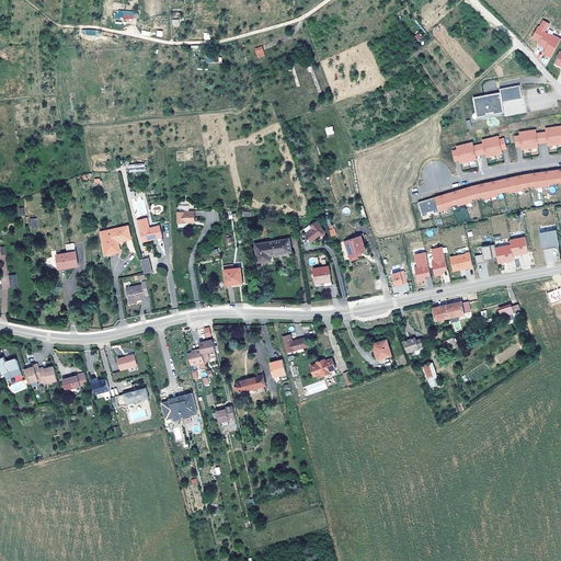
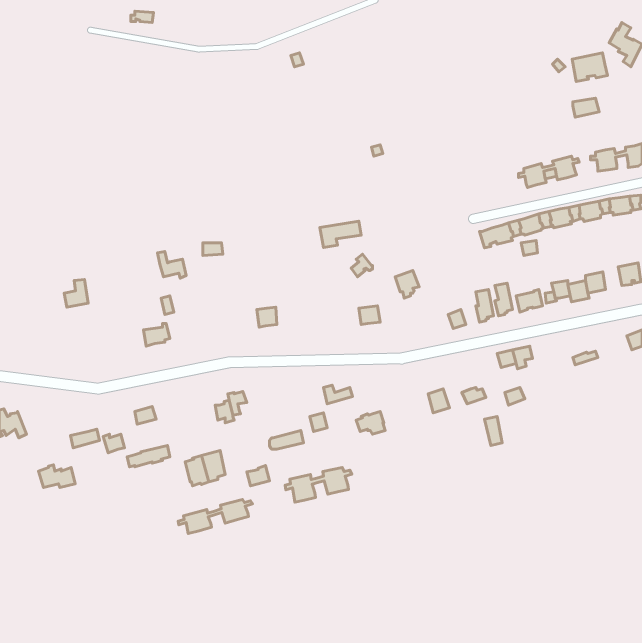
building: [472,92,503,117] -> [572,53,607,82]
building: [101,227,129,253] -> none
building: [254,239,290,262] -> [320,221,361,248]
building: [24,364,56,383] -> [39,465,75,488]
building: none -> [285,467,352,502]
building: none -> [178,500,253,534]

